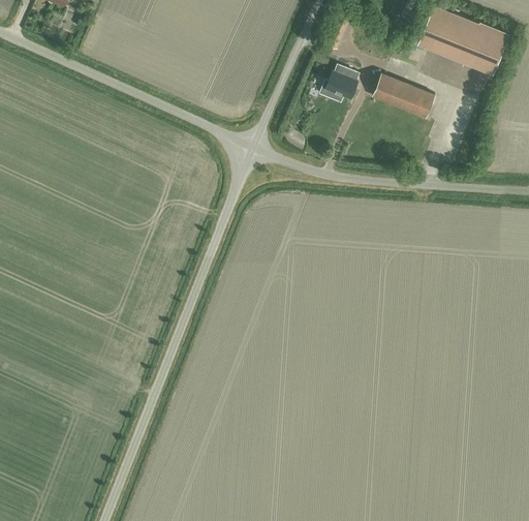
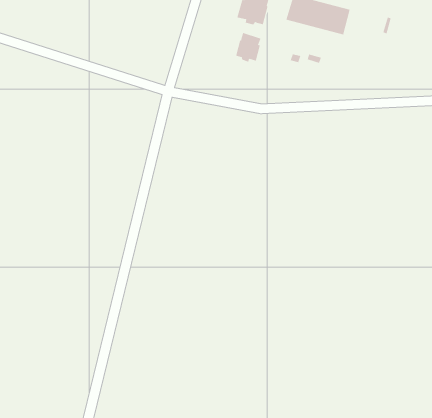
building: none -> [235,32,261,62]

